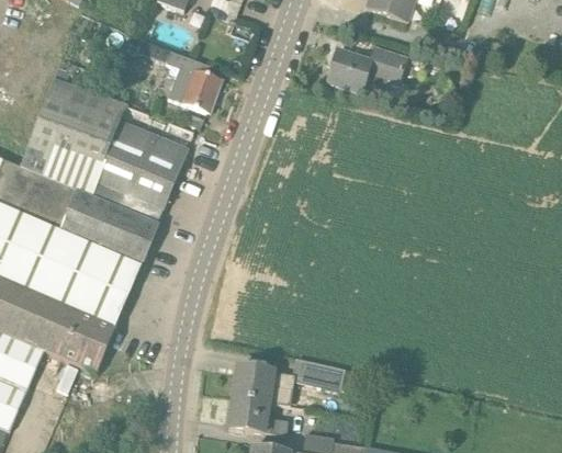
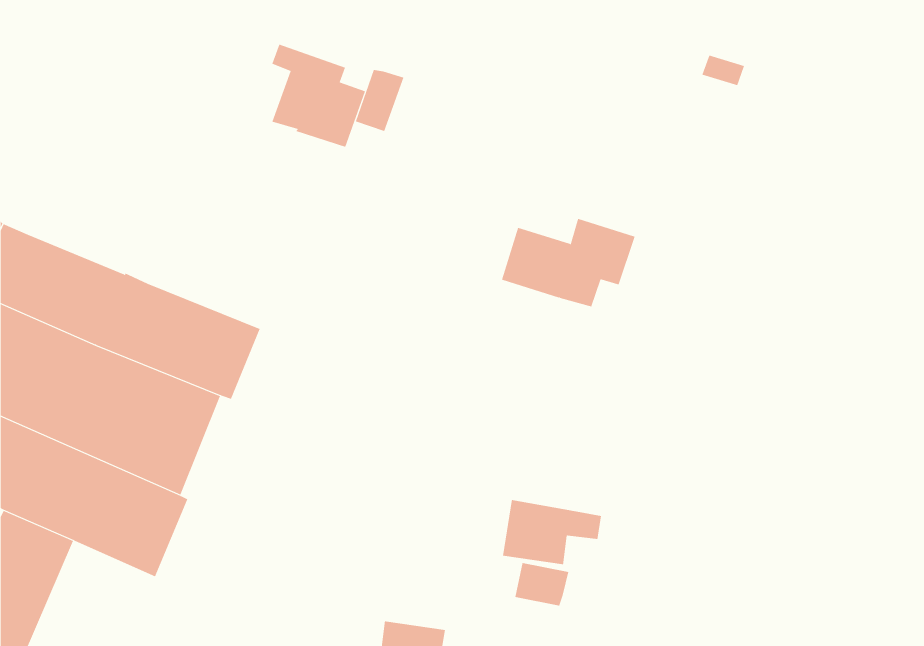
building: [327,43,408,97] -> [501,218,636,307]
building: none -> [355,69,404,132]
building: [18,77,189,207] -> none
building: [233,364,293,404] -> [502,500,602,565]

